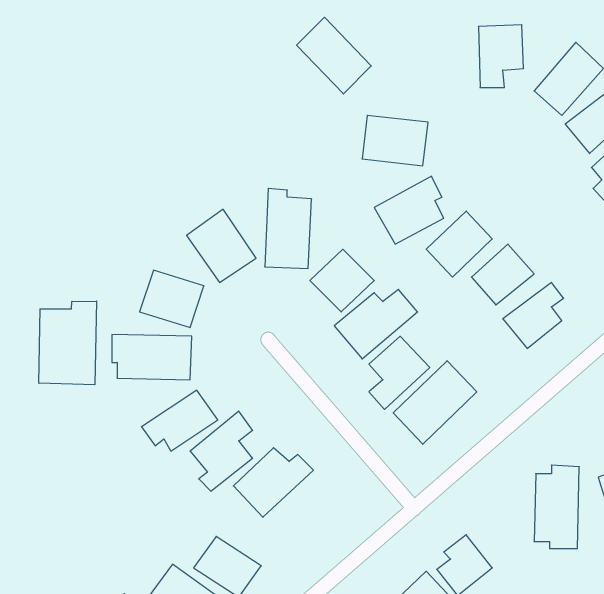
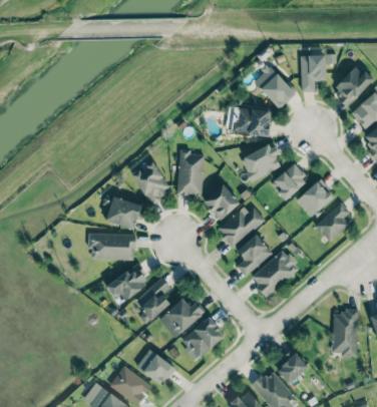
building: [297,17,371,94] -> [253,65,296,109]
building: [39,301,97,385] -> none
building: none -> [180,317,225,361]

